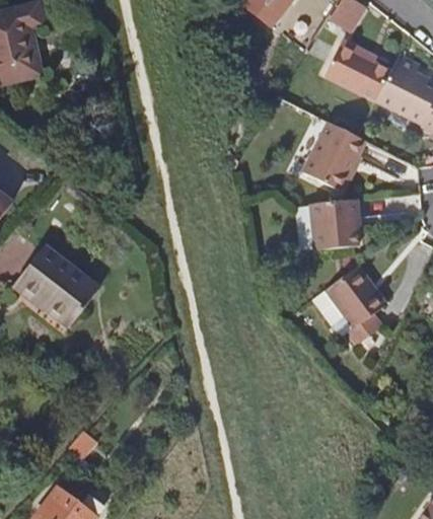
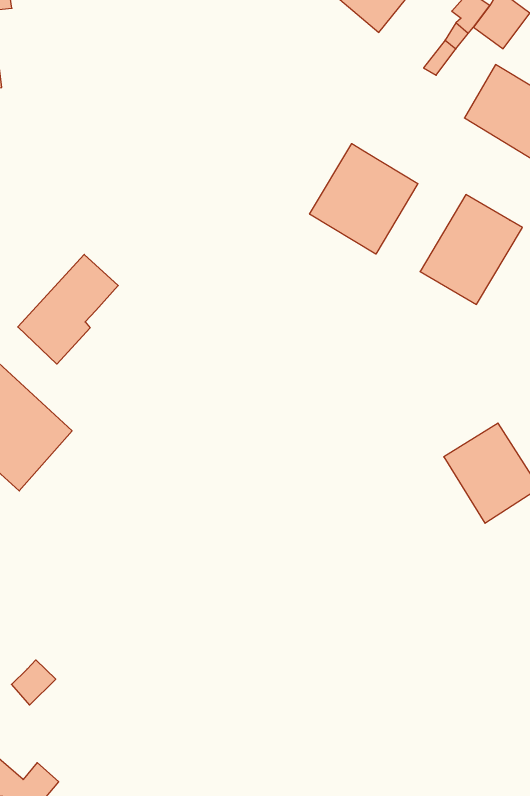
building: none -> [310,144,418,254]
building: none -> [18,254,118,364]
building: [311,201,362,252] -> none

